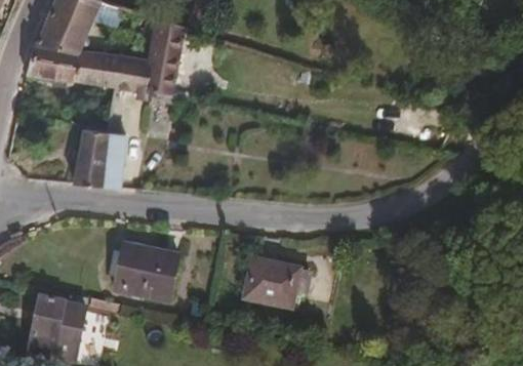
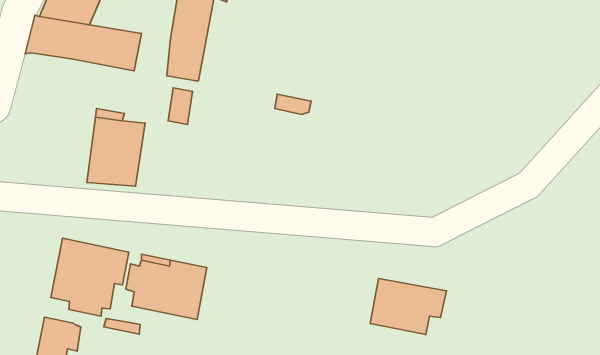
building: [117,58,148,94] -> none
building: none -> [51,238,129,316]
building: [244,259,309,307] -> [370,279,446,334]

